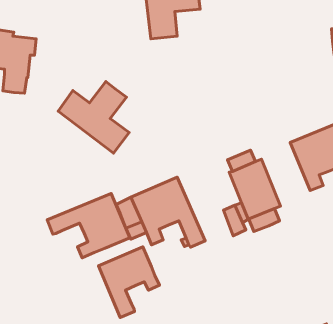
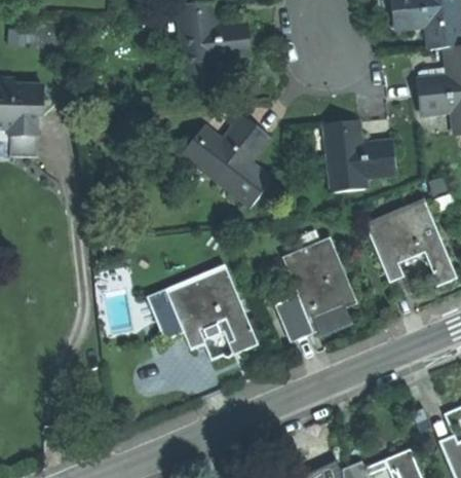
building: none -> [325,120,396,191]
building: [58,81,129,153] -> [183,116,271,206]
building: [47,194,130,258] -> none
building: [99,247,159,317] -> none

